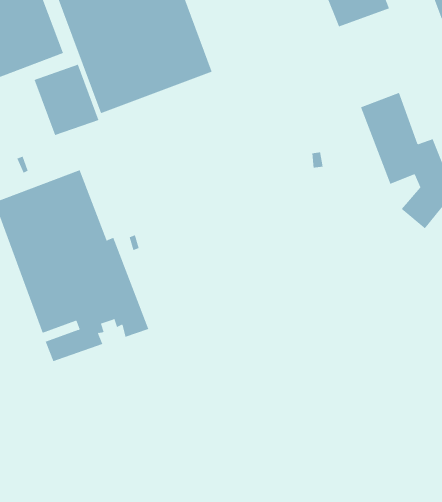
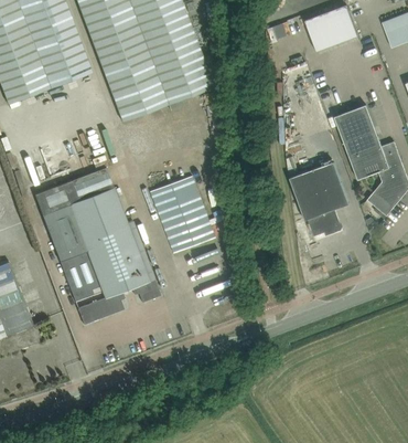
building: [34,64,99,136] -> none
building: none -> [288,161,348,235]
building: none -> [151,177,215,253]

